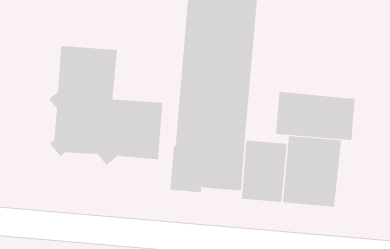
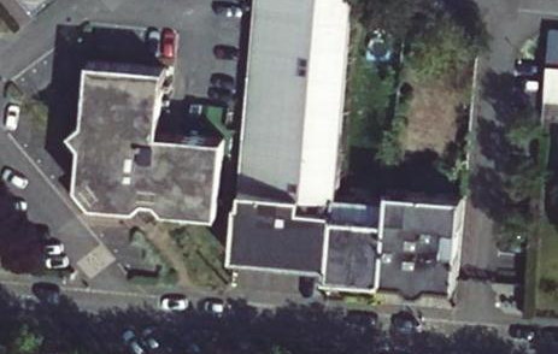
building: [275,91,355,141] -> none

